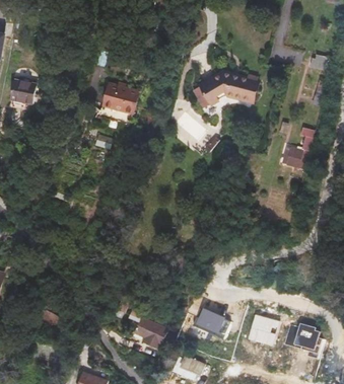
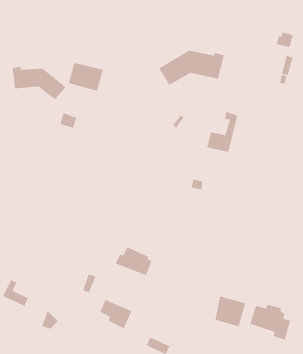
building: none -> [12,66,67,100]
building: [282,127,314,168] -> [206,111,238,153]
building: [192,308,229,337] -> [115,246,153,276]

